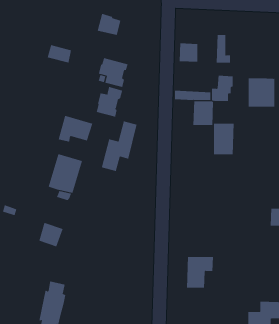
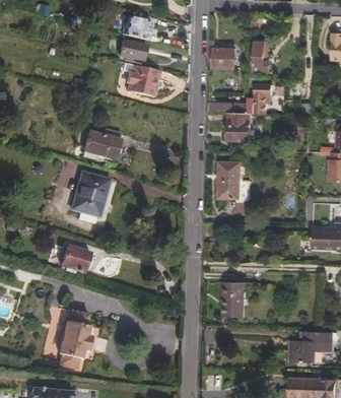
building: [47,45,72,63] -> [118,41,145,61]
building: [248,77,275,108] -> none
building: [96,86,123,117] -> none
building: [101,121,137,172] -> none
building: [213,123,235,155] -> [220,162,244,197]

